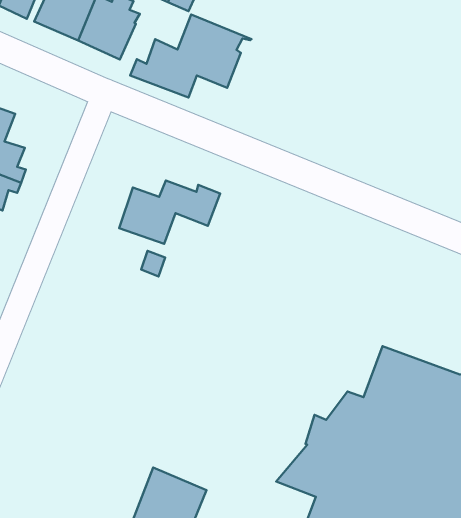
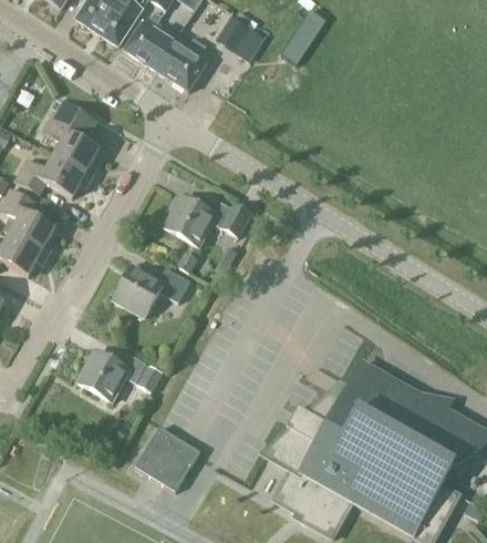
building: [130,15,252,98] -> none
building: none -> [112,264,189,316]
building: none -> [76,349,162,400]

